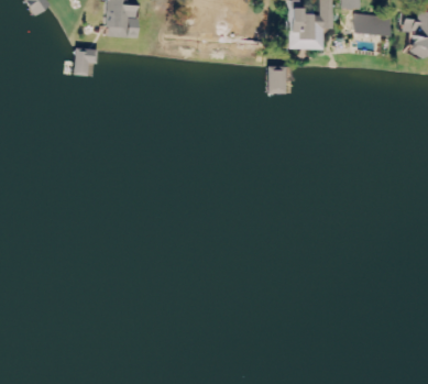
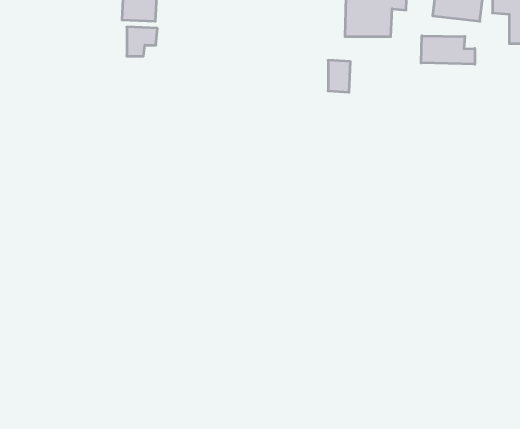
building: none -> [421,36,475,64]
building: [75,50,99,73] -> [127,27,157,56]

